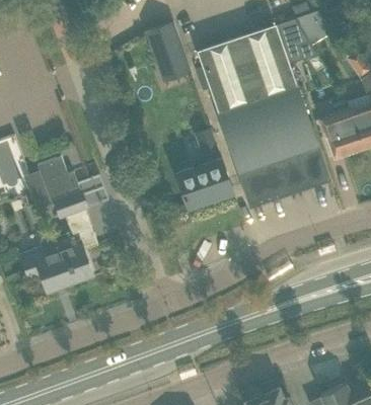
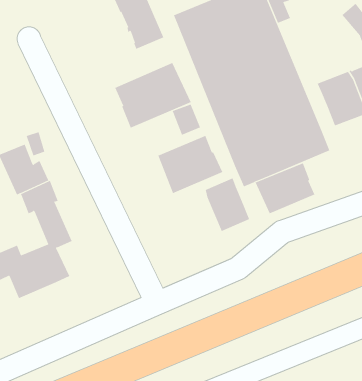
building: none -> [114,62,191,129]
building: none -> [255,162,315,214]
building: none -> [205,178,250,232]

